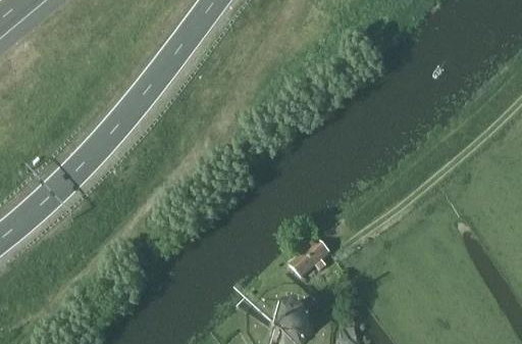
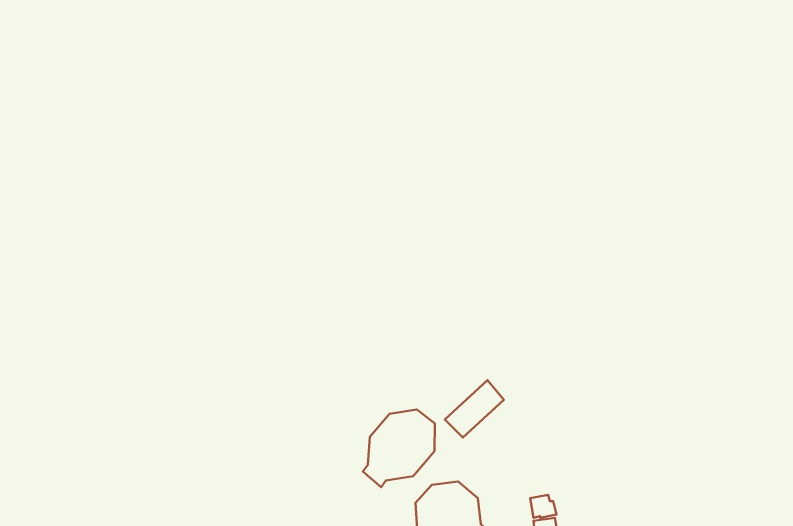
building: none -> [363,409,435,487]

